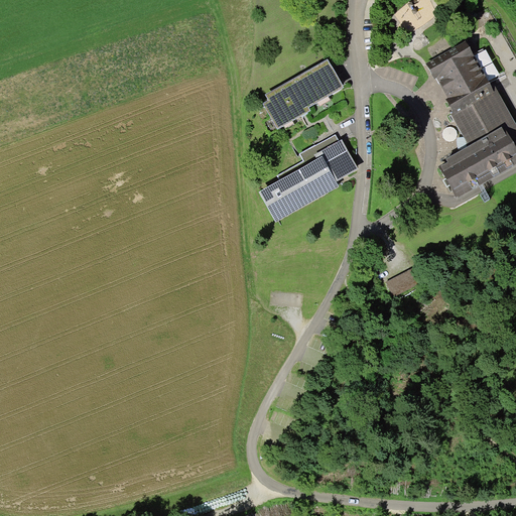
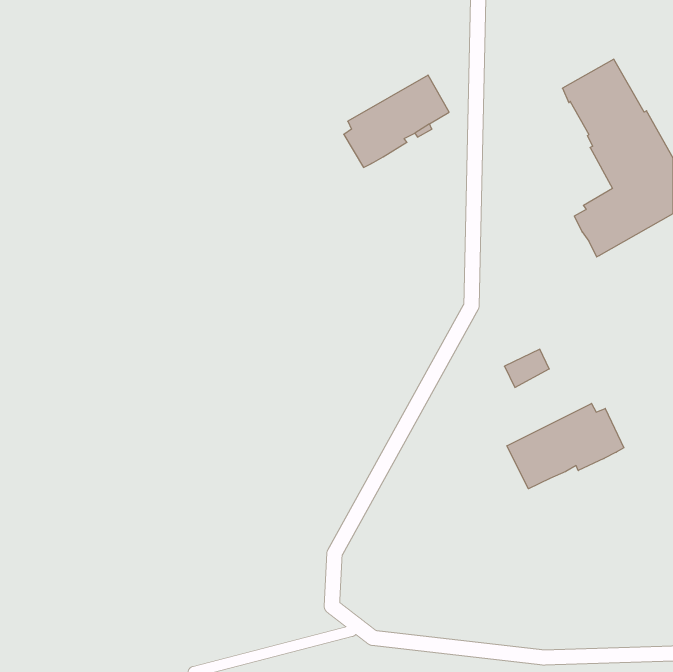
building: [259,133,359,221] -> none
building: none -> [507,403,624,489]

